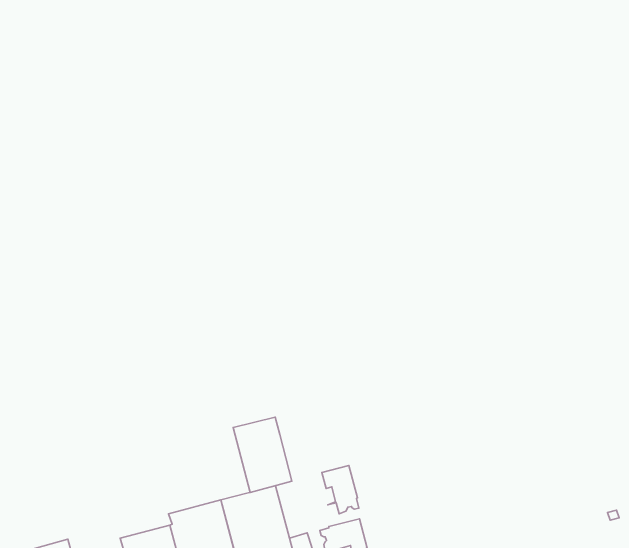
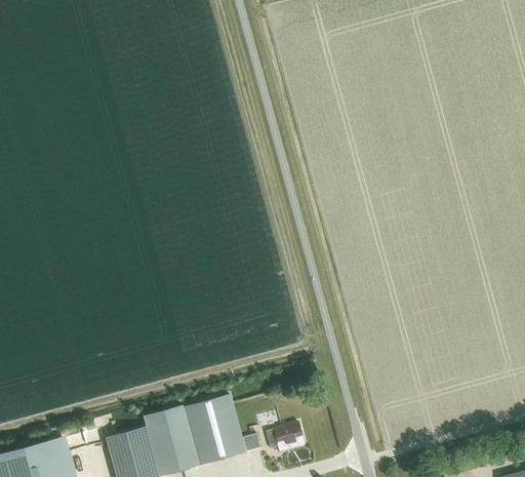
building: [233,417,292,492] -> none
building: [322,465,359,514] -> none

